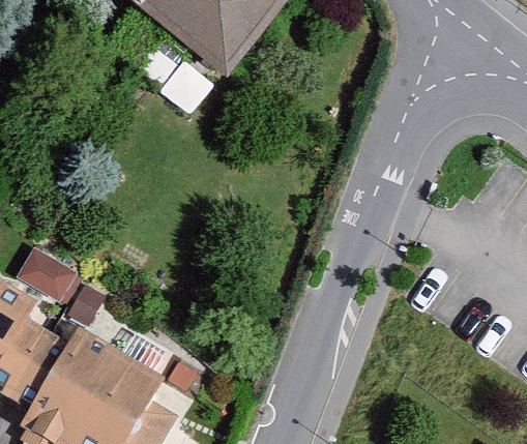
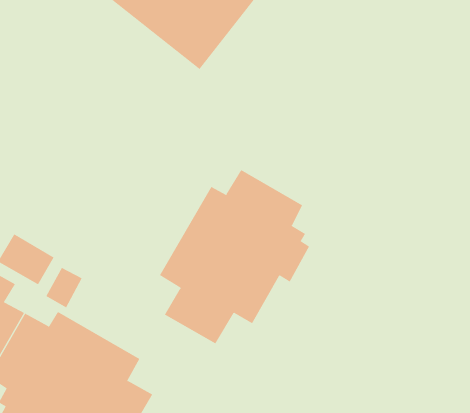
building: none -> [159,169,310,344]

